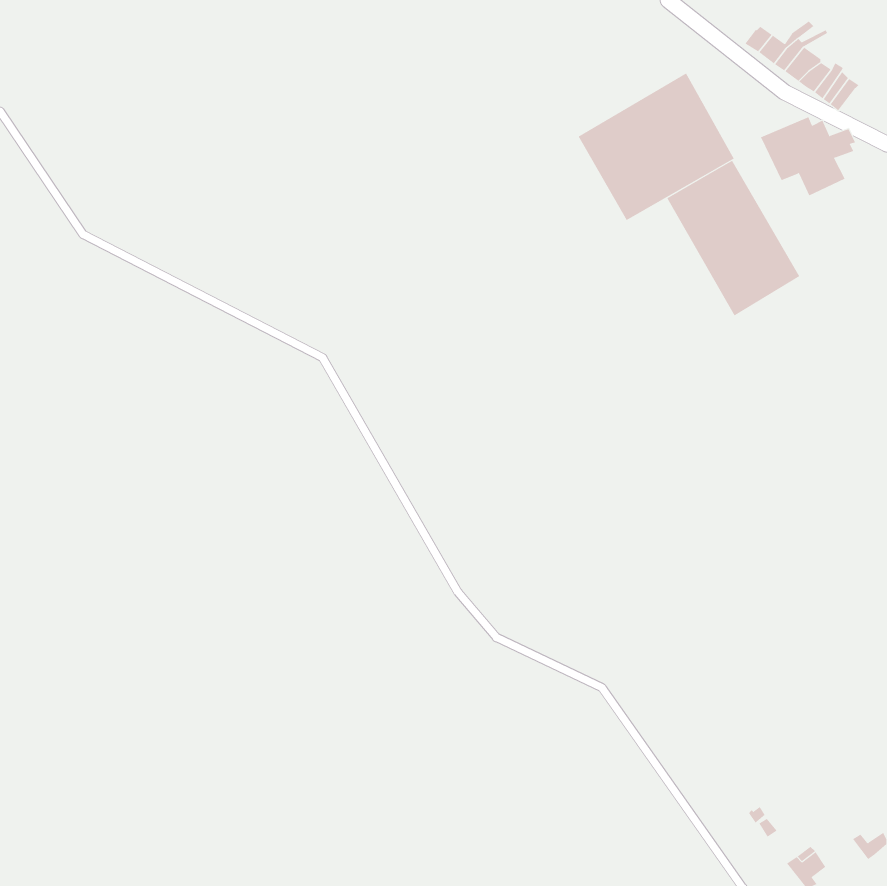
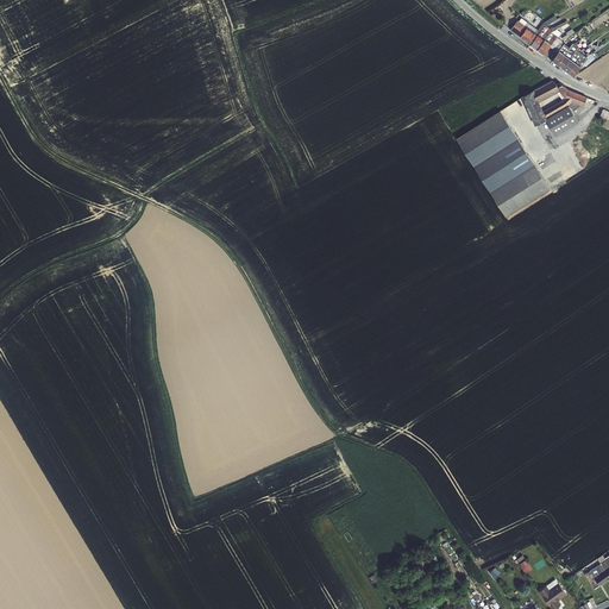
building: [578,72,734,221] -> none

